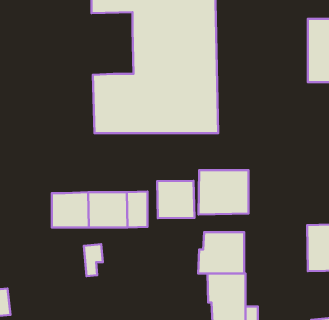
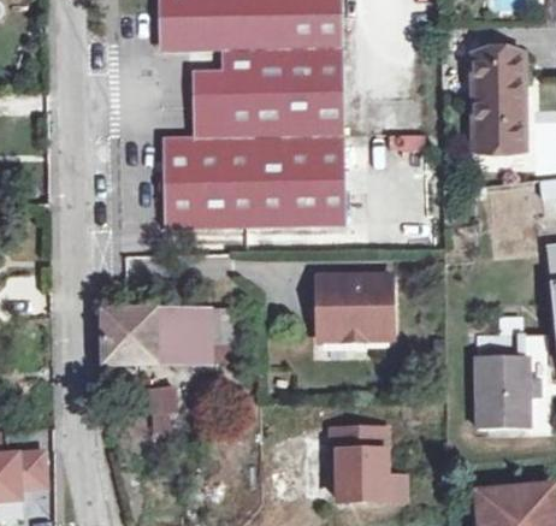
building: none -> [191,71,221,136]
building: [157,181,194,218] -> none
building: [198,232,244,274] -> none

